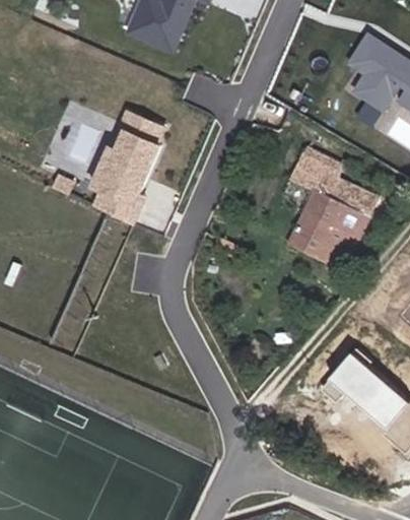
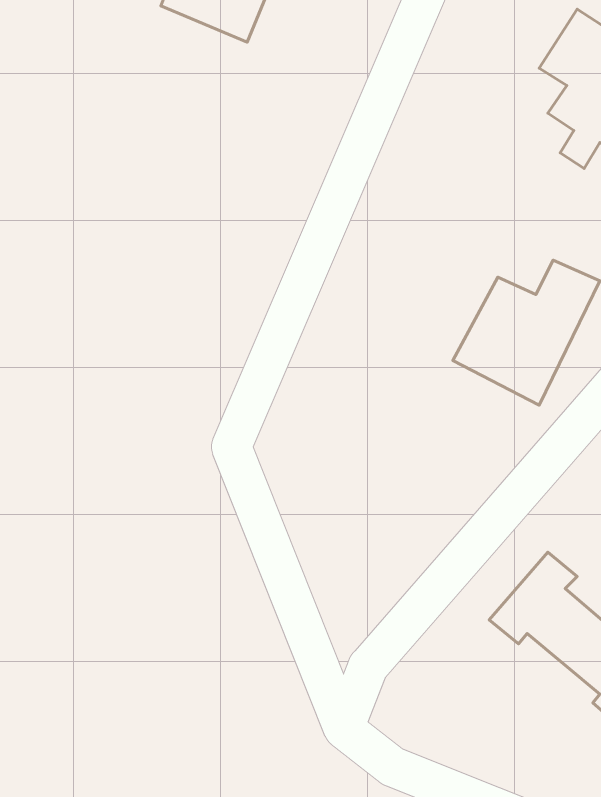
building: [94,108,164,215] -> none
building: [296,153,354,197] -> none

